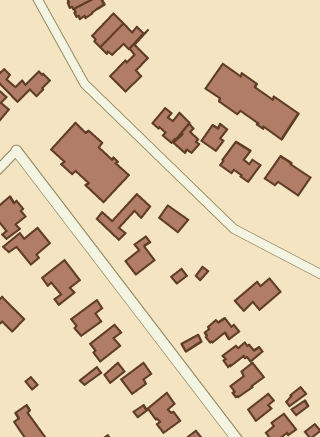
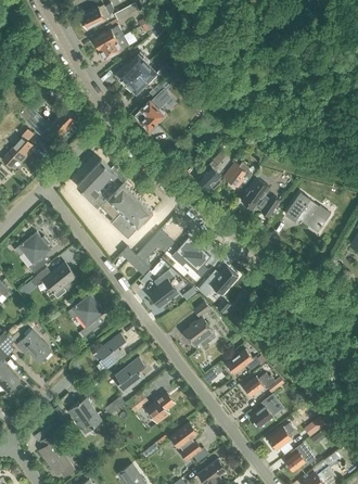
building: [205,64,298,139] -> none
building: [152,108,190,143] -> none
building: [235,278,281,311] -> [200,267,244,298]
building: none -> [182,319,215,346]
building: none -> [67,398,102,434]

